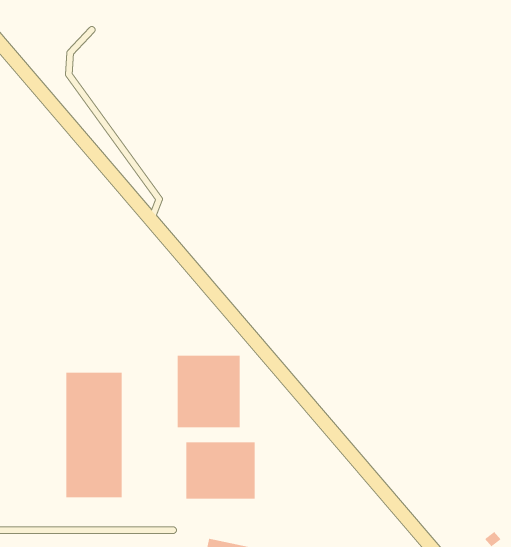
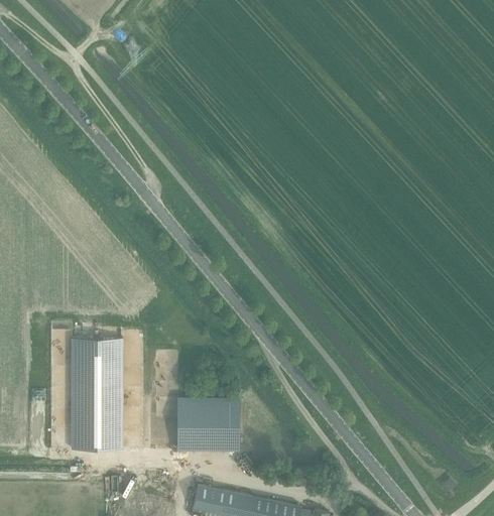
building: [177,355,240,428] -> none

